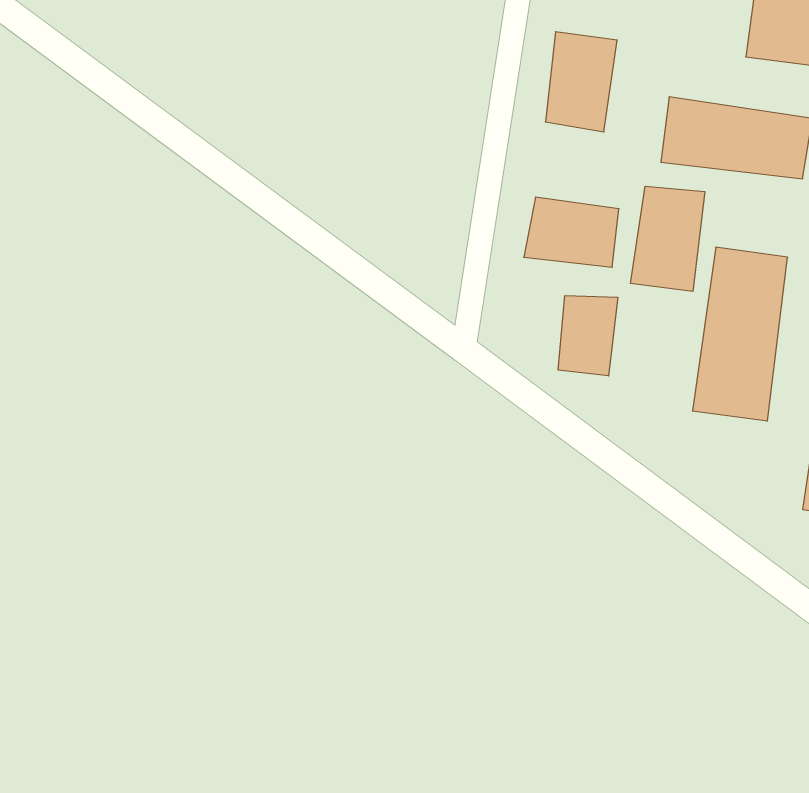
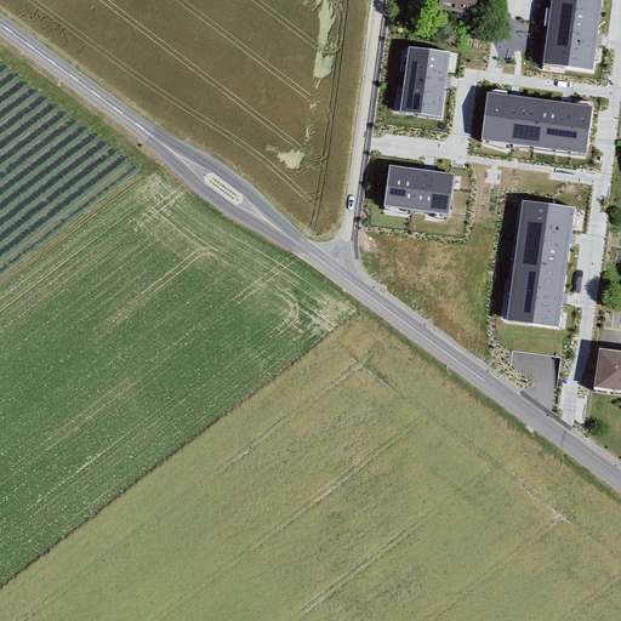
building: [631,186,705,291] -> none
building: [558,296,618,376] -> none

